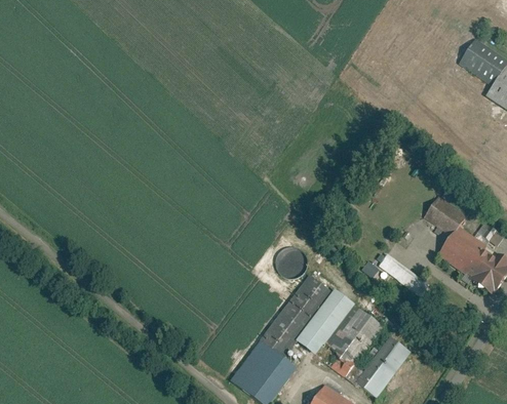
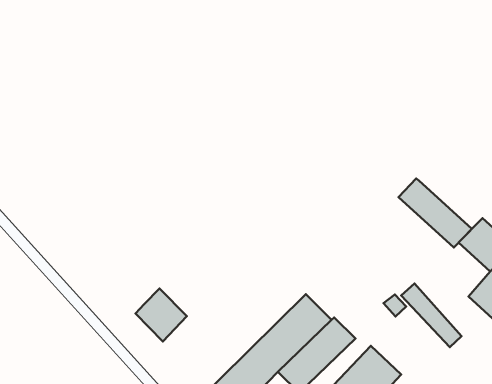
building: none -> [398,178,472,248]
building: [274,244,305,274] -> none
building: none -> [136,288,187,341]

